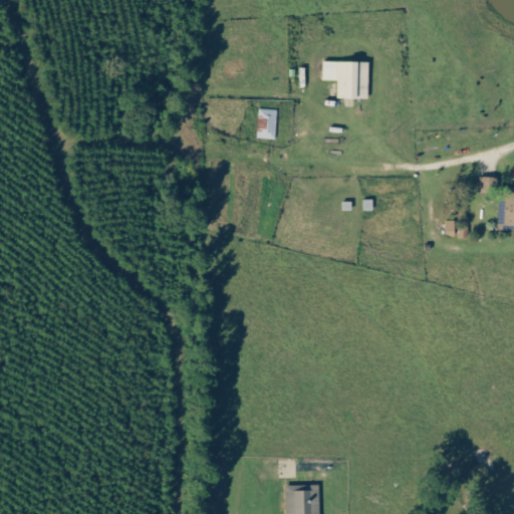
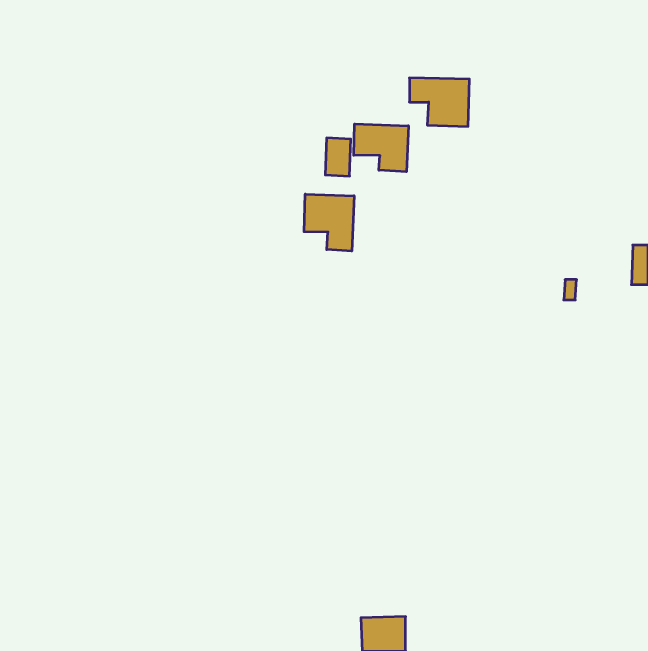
building: none -> [354,124,408,172]
building: none -> [304,194,354,251]

